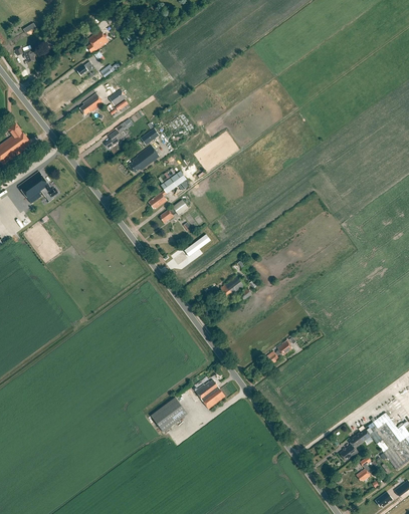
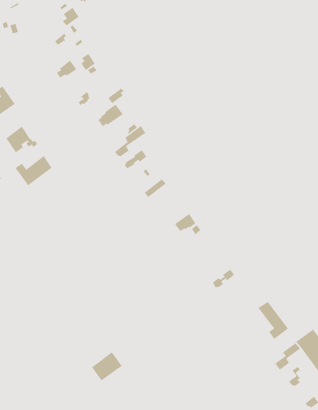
building: none -> [15,155,52,186]
building: [195,379,225,410] -> none
building: none -> [257,301,289,340]
building: [151,398,188,433] -> [91,351,122,381]

